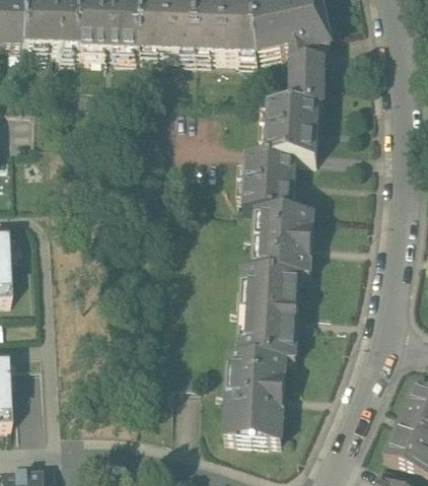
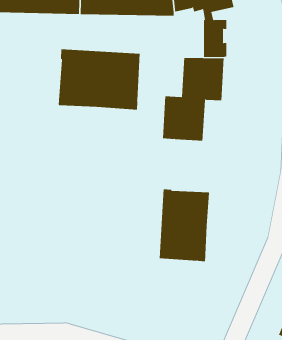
building: none -> [58,49,140,111]
building: [255,206,314,272] -> none
building: [224,352,286,439] -> none

